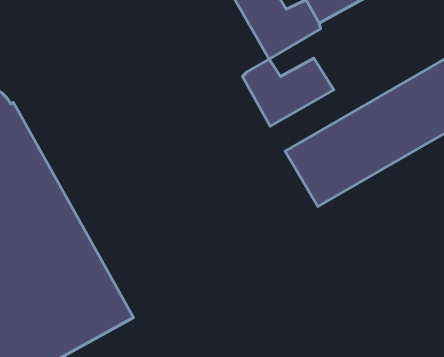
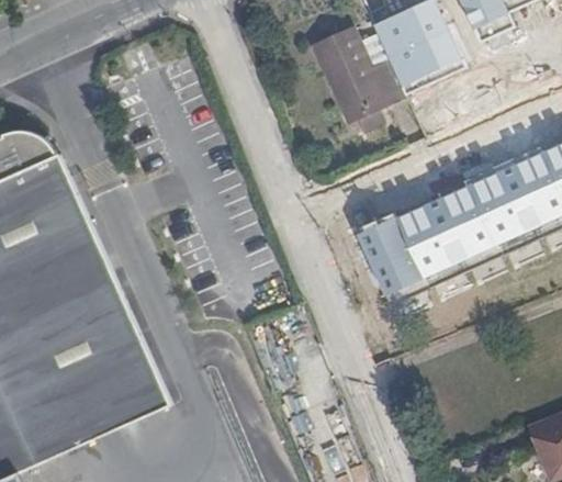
building: [243,58,334,126] -> none

